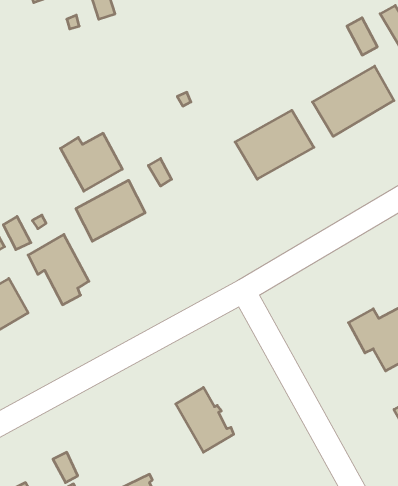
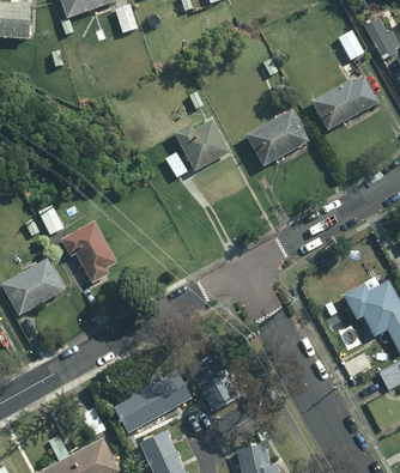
building: [60,133,122,191] -> [175,121,229,171]
building: [76,180,145,241] -> none
building: none -> [114,371,190,431]

